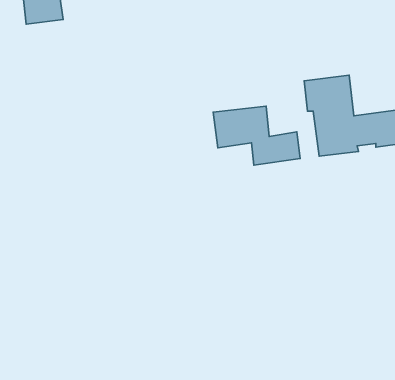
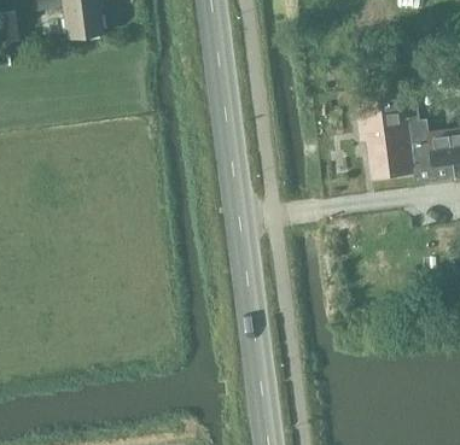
building: [213,106,300,165] -> none

